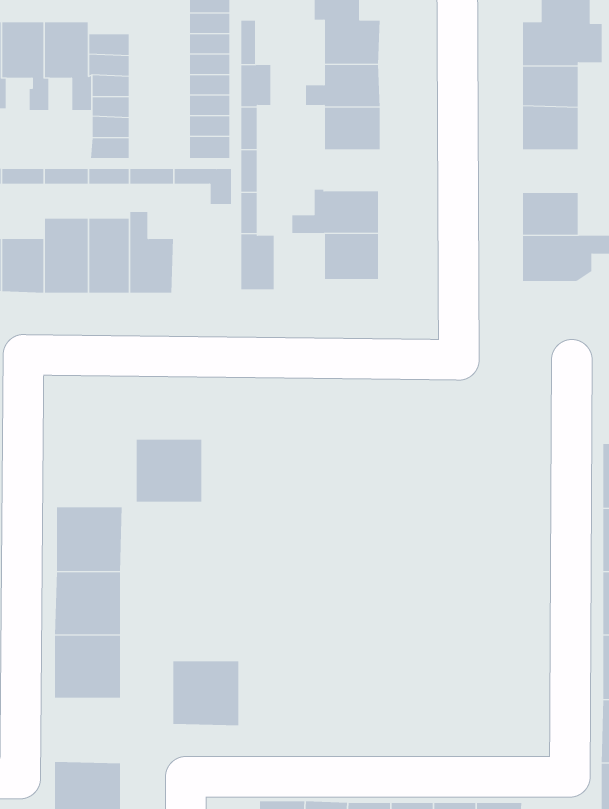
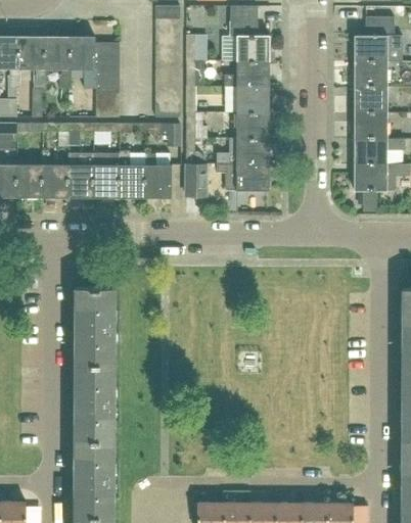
building: none -> [235,112,269,137]
building: none -> [354,112,387,138]
building: none -> [144,153,171,198]
building: [136,439,202,502] -> [75,288,115,326]
building: [173,661,239,726] -> [74,440,113,479]

